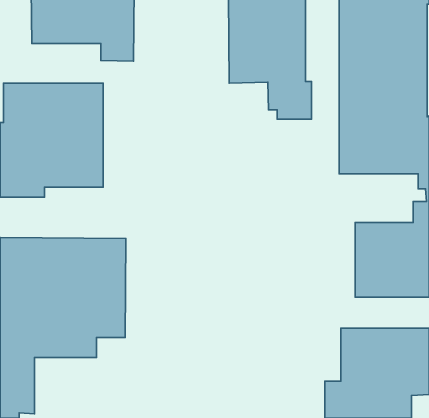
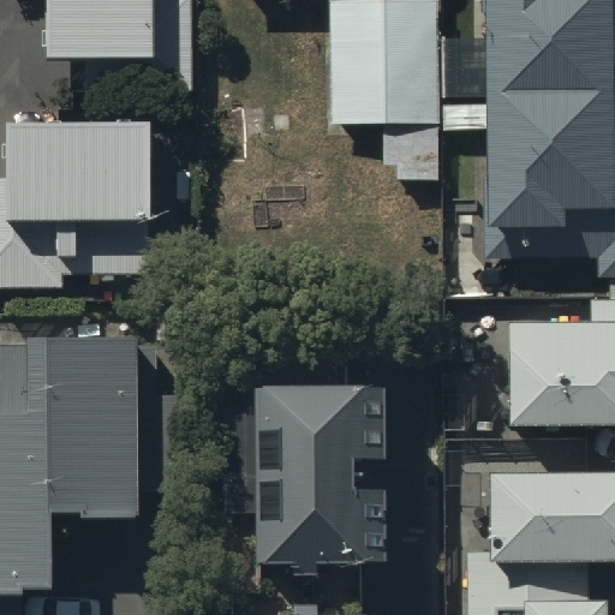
building: none -> [220,383,384,585]

